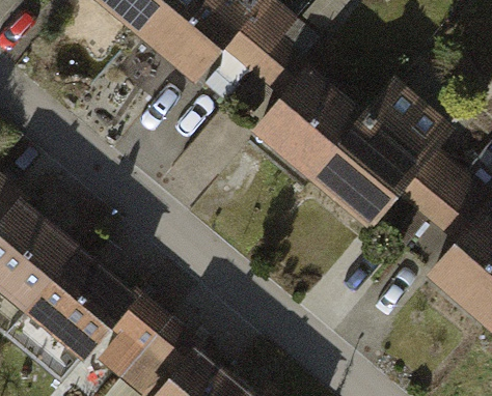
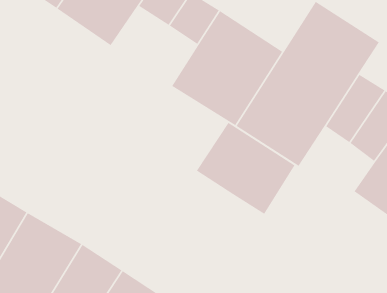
building: none -> [196,122,296,215]

